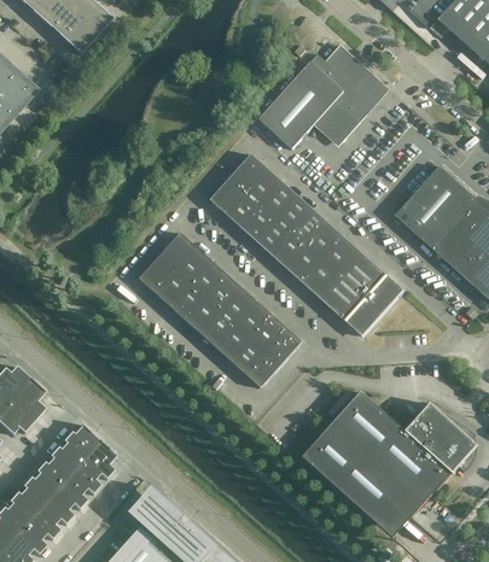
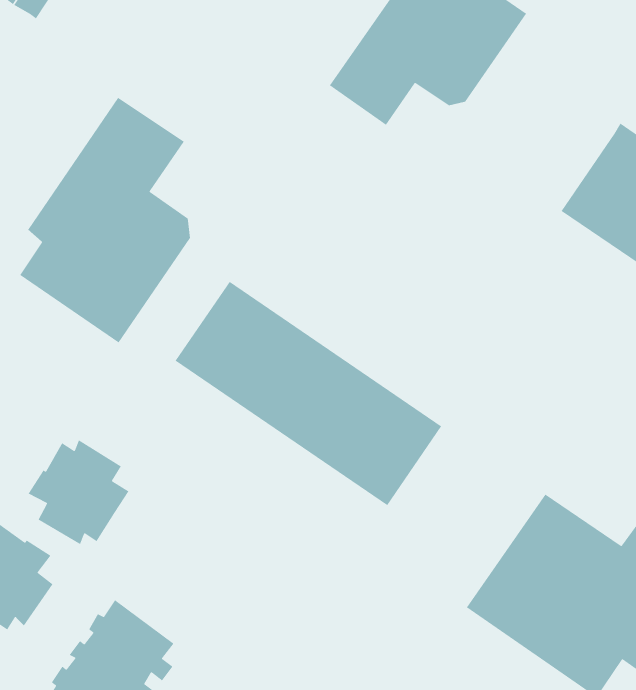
building: none -> [19,97,191,343]
building: [210,153,403,335] -> none
building: none -> [27,439,130,545]

